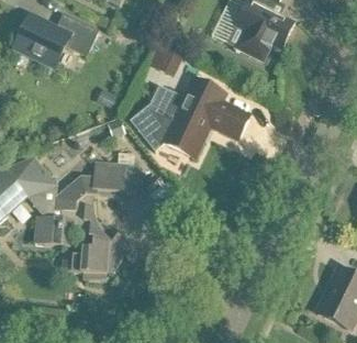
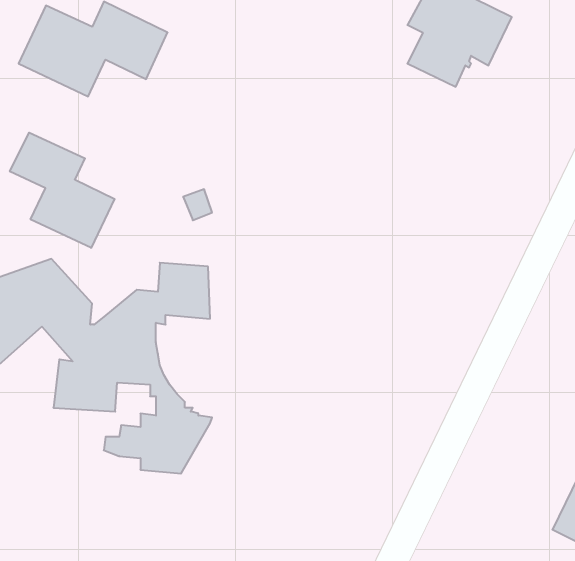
building: [127,79,249,155] -> none
building: none -> [10,133,115,248]

